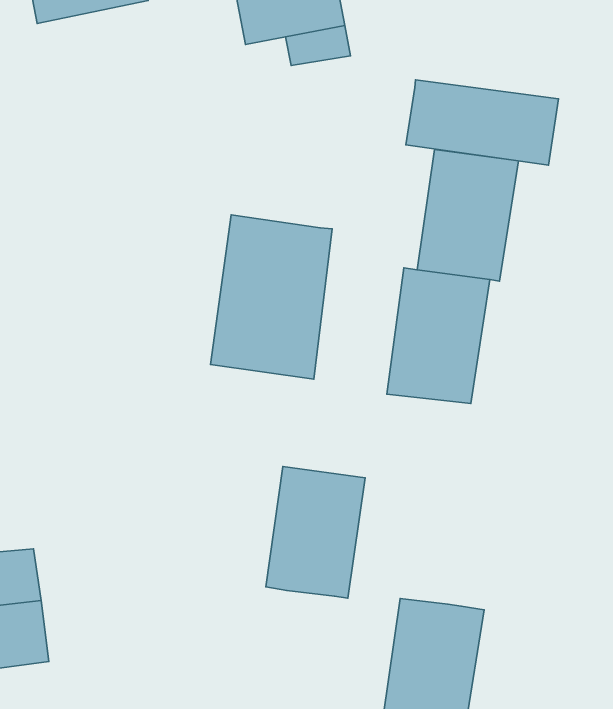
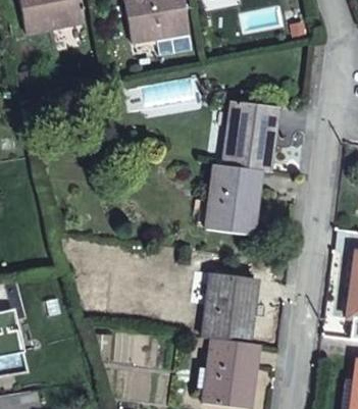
building: [406,80,559,165] -> none
building: [211,215,332,379] -> none
building: [266,466,365,598] -> [204,270,257,341]

